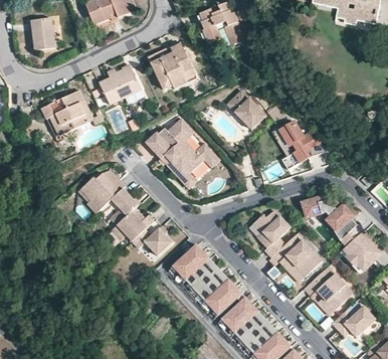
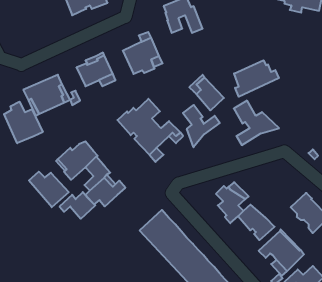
building: [30,16,53,49] -> none
building: none -> [234,60,279,97]
building: none -> [4,102,43,143]
building: none -> [183,105,220,147]
building: [306,194,359,240] -> none
building: none -> [29,172,69,207]
building: [132,223,172,253] -> [60,192,95,219]

